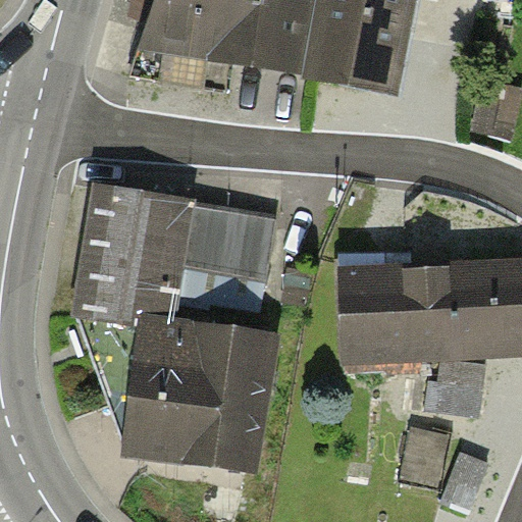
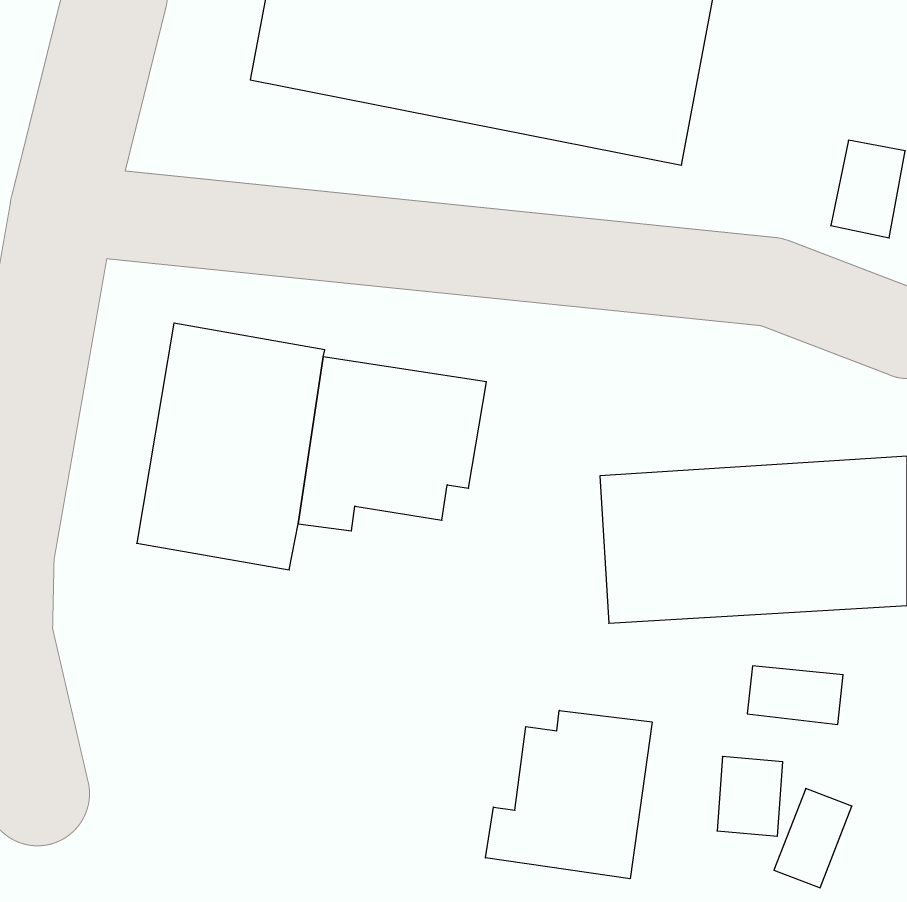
building: [79,312,278,468] -> none
building: none -> [485,710,652,879]

